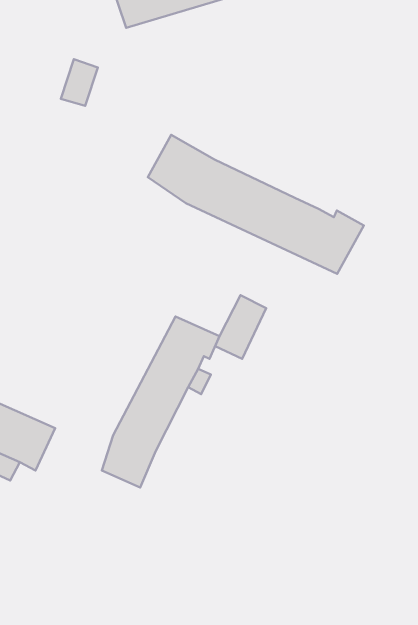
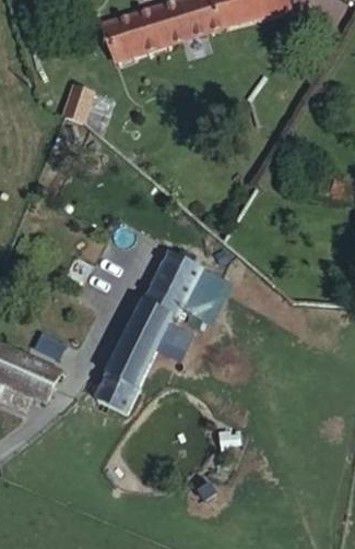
building: [148,135,364,274] -> none
building: none -> [152,249,202,297]

